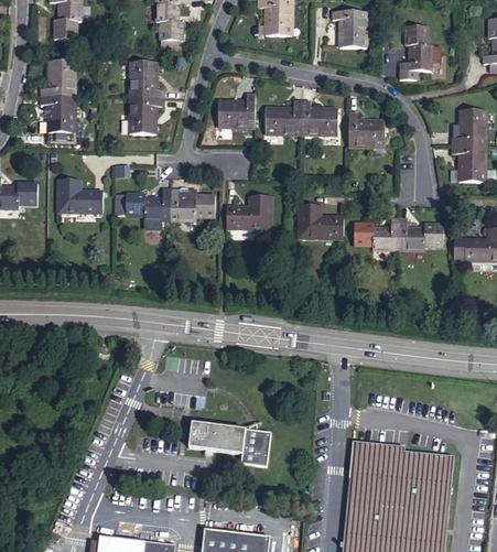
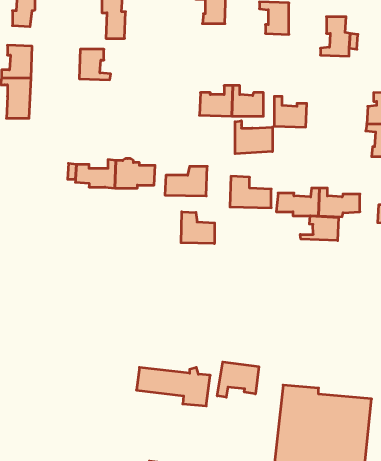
building: [128,97,163,134] -> none
building: [216,98,253,130] -> none
building: none -> [235,121,272,154]
building: [57,180,101,213] -> none
building: none -> [181,212,215,244]
building: none -> [300,216,338,241]
building: none -> [217,362,259,397]

